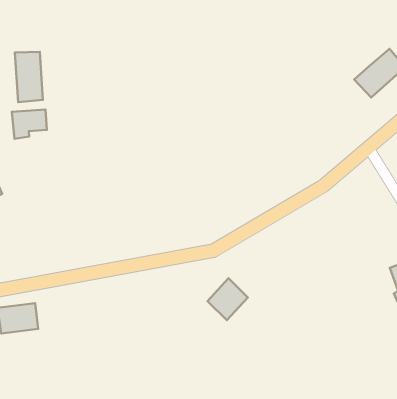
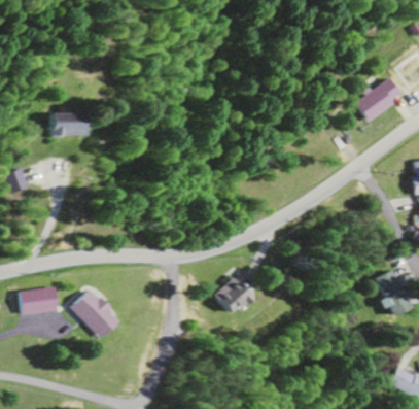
building: [15,52,43,102] -> none
building: none -> [71,287,118,337]

